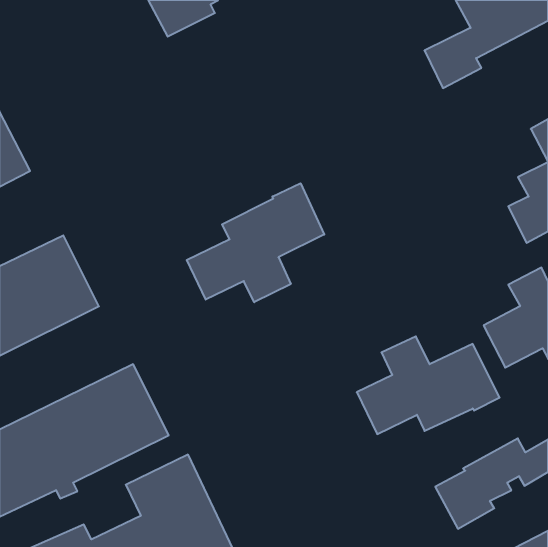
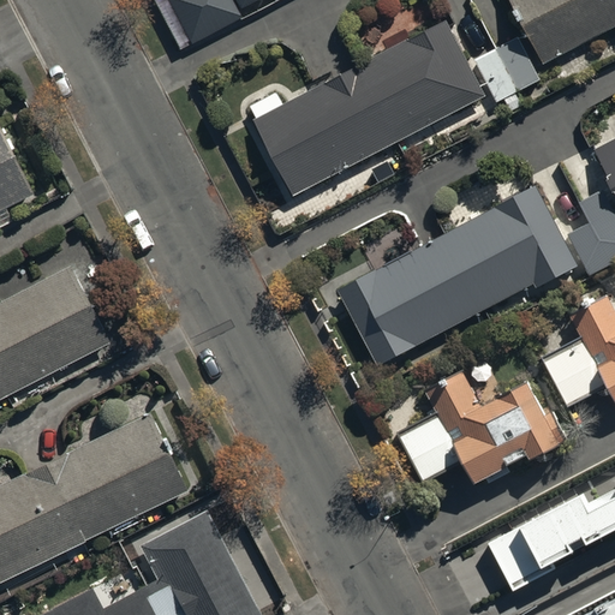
building: none -> [253,20,484,195]
building: none -> [339,184,575,364]
building: [187,183,324,302] -> none

